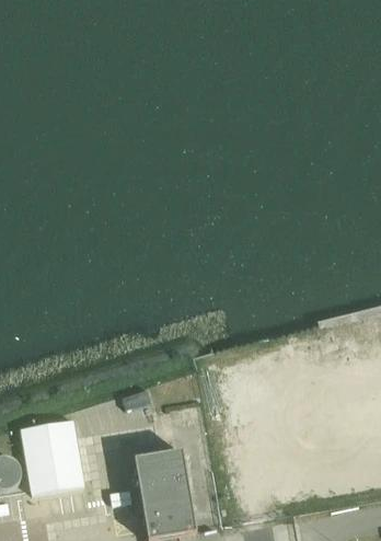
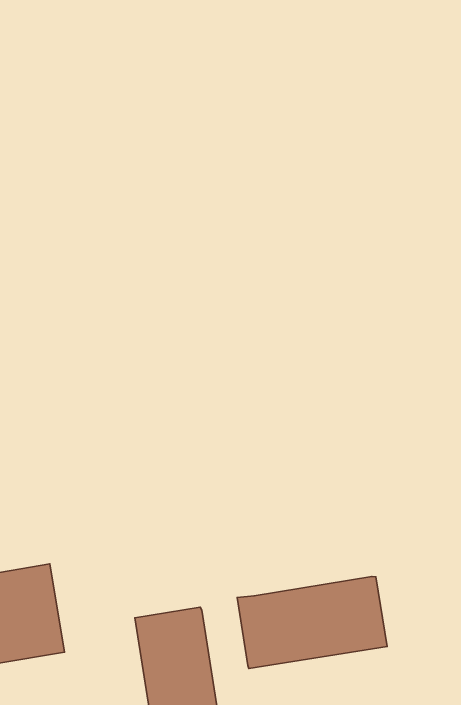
building: none -> [237,576,387,668]

